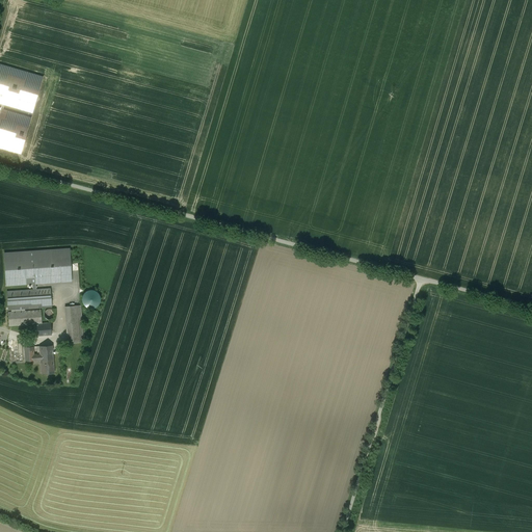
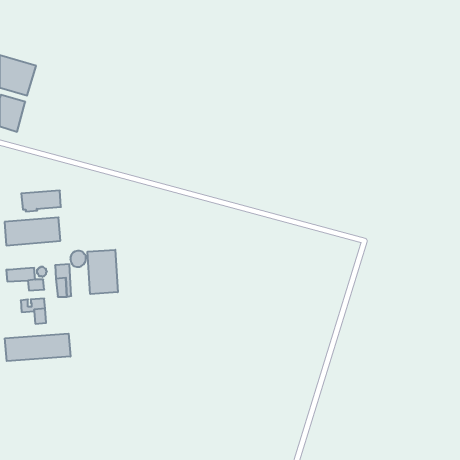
building: [5,287,51,311] -> [21,191,61,211]
building: none -> [88,250,118,294]
building: none -> [5,334,70,361]

